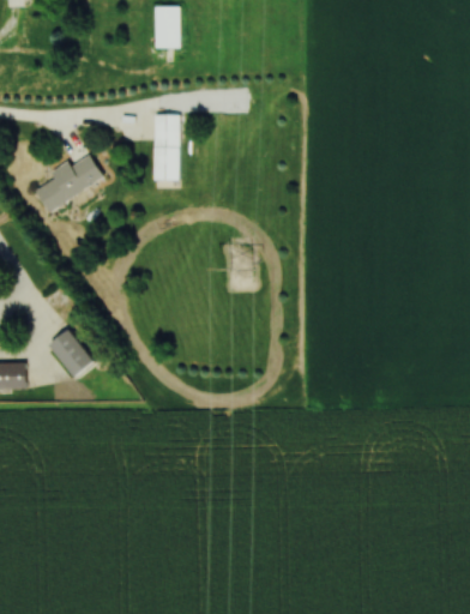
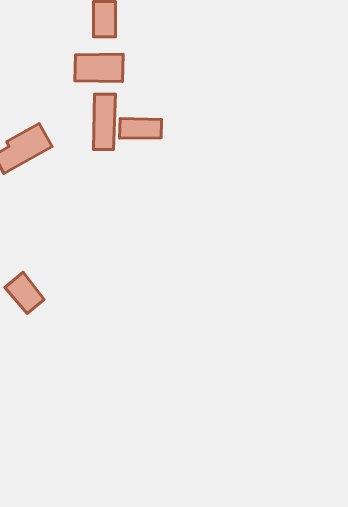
building: none -> [75,54,123,82]
building: none -> [120,119,161,138]

